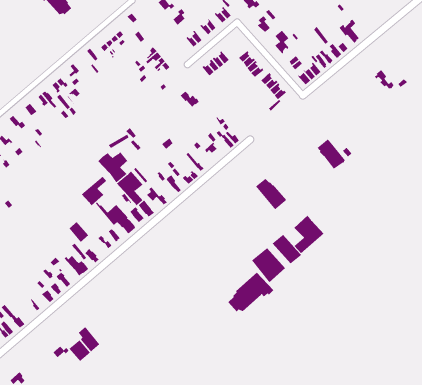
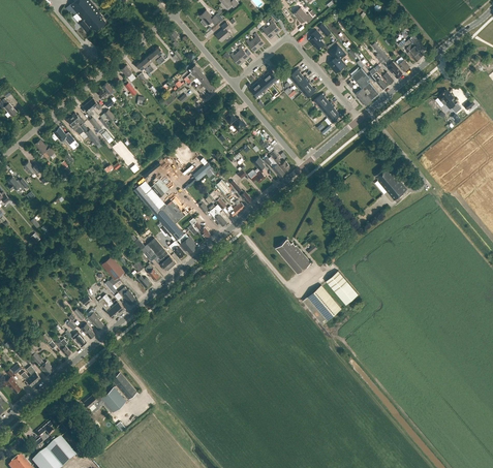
building: [81,176,107,206] -> none
building: [255,178,287,210] -> [276,239,311,274]
building: [294,215,325,254] -> none
building: [228,272,274,313] -> none

